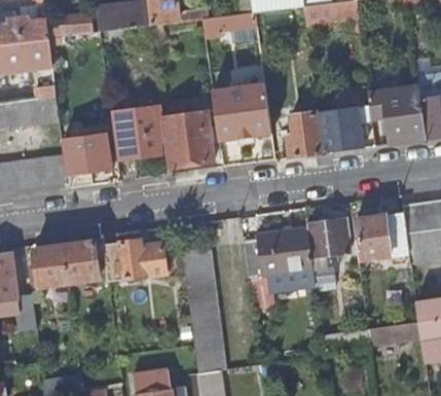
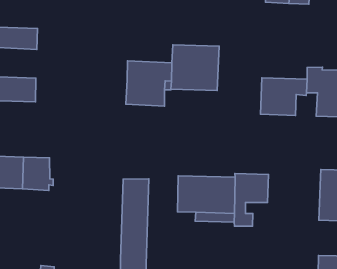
building: [111,105,167,159] -> none
building: [288,111,324,157] -> none
building: [63,134,111,187] -> none
building: [357,212,410,263] -> none
building: [103,240,167,281] -> none

